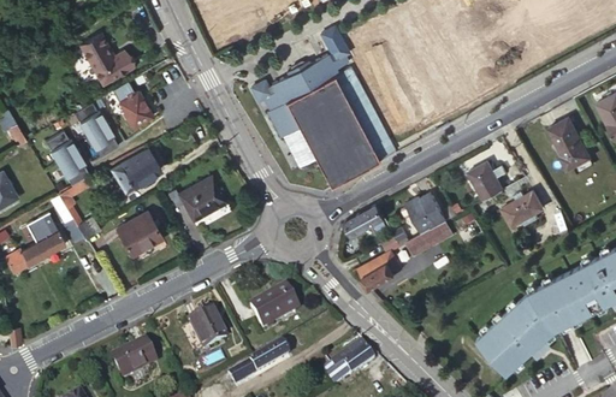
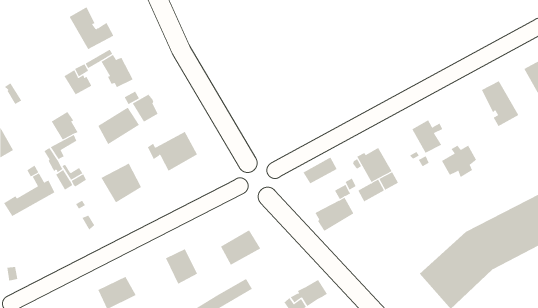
building: [250,38,395,184] -> none
building: [87,122,117,154] -> [132,94,158,122]
building: [46,130,78,162] -> none

